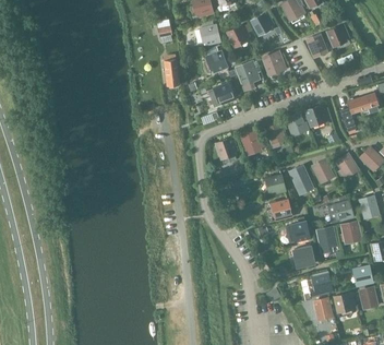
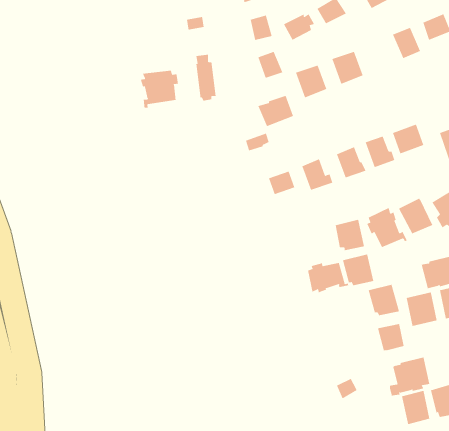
building: none -> [140,70,179,109]
building: none -> [307,262,349,293]

